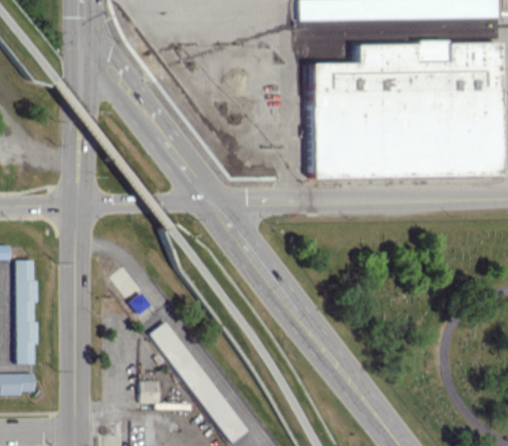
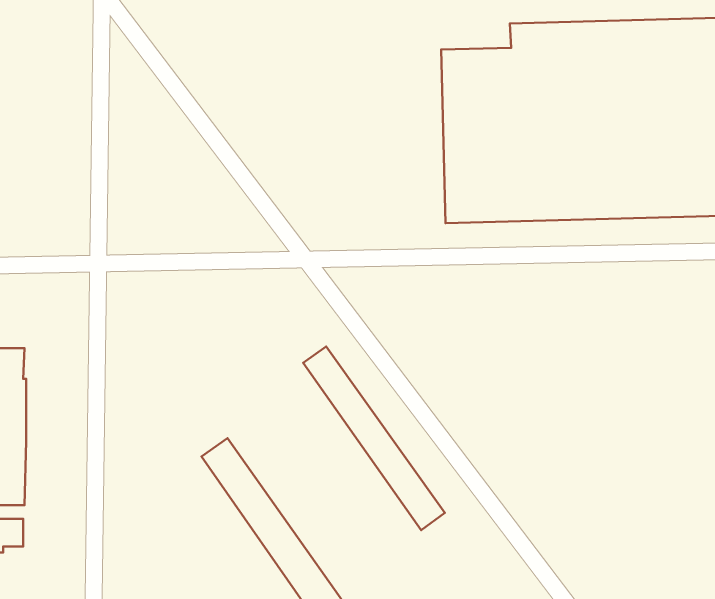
building: none -> [303,347,445,530]
building: [141,381,161,403] -> none

